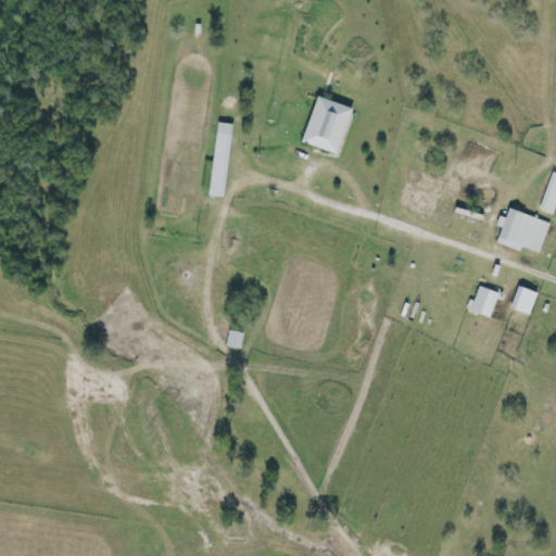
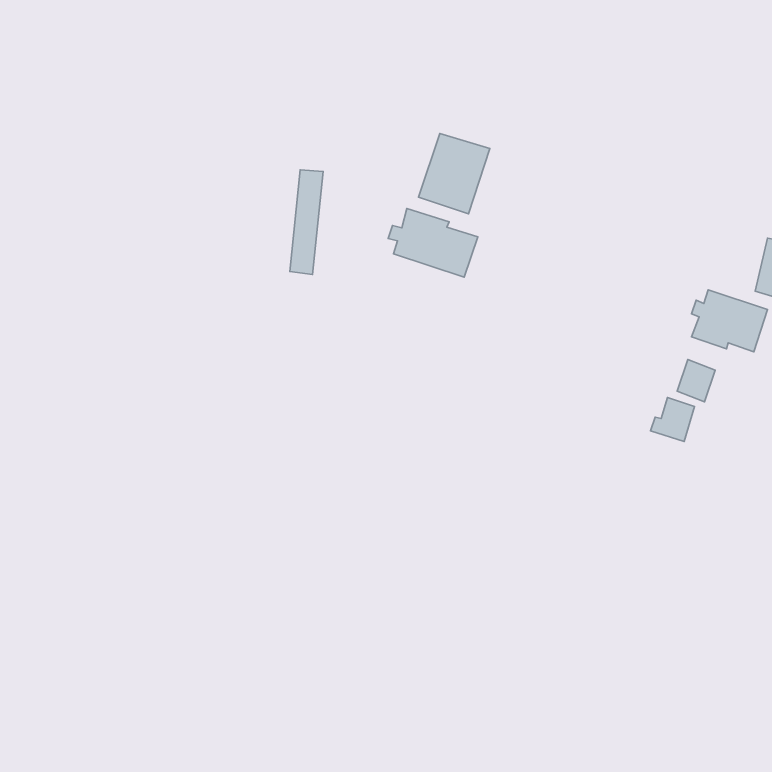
building: none -> [388,209,478,277]
building: [511,285,539,315] -> [677,359,715,402]

